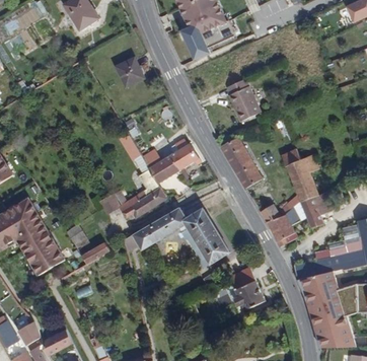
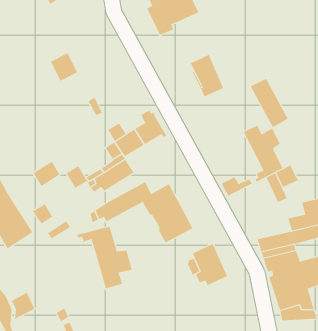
building: [114,58,142,87] -> [50,53,78,81]
building: [221,137,261,188] -> [250,78,289,128]
building: none -> [33,161,60,187]
building: [265,208,298,246] -> none
building: none -> [76,226,133,289]

